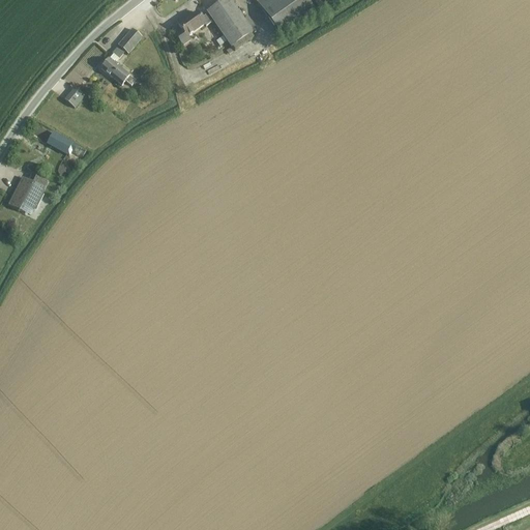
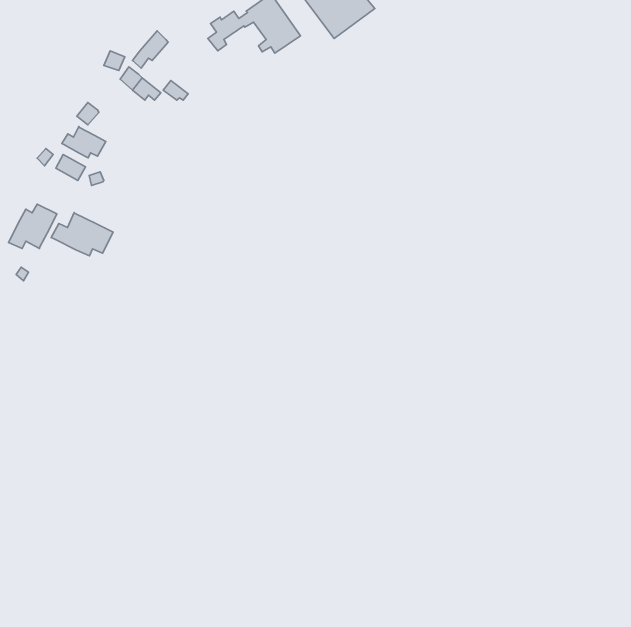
building: none -> [62,127,106,158]
building: none -> [51,213,113,256]

